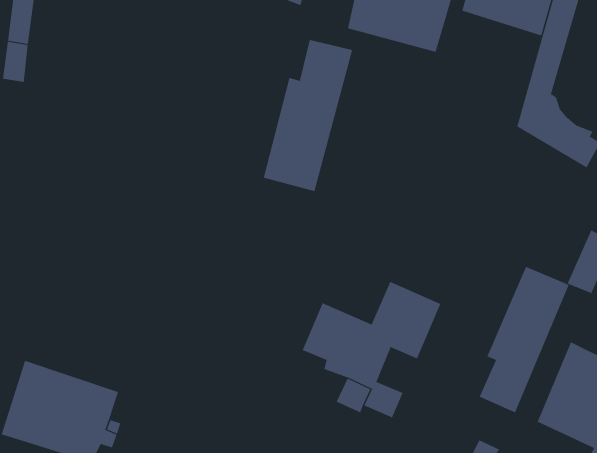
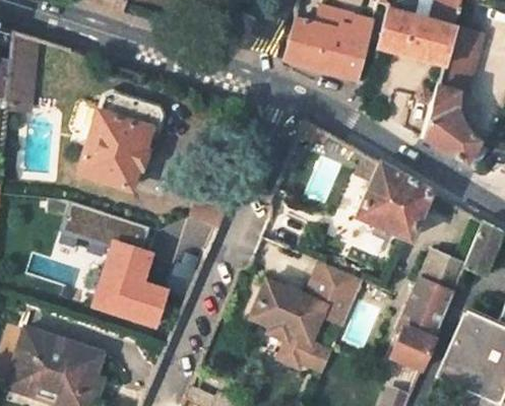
building: [263,39,353,192] -> none
building: none -> [81,69,166,188]
building: none -> [353,160,429,242]
building: none -> [60,204,163,329]

